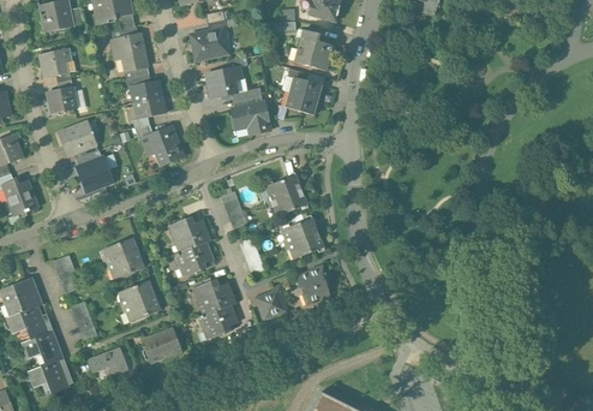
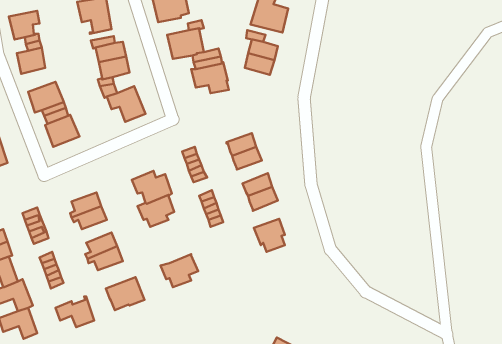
building: [193,280,235,314] -> none
building: [257,284,286,320] -> none

